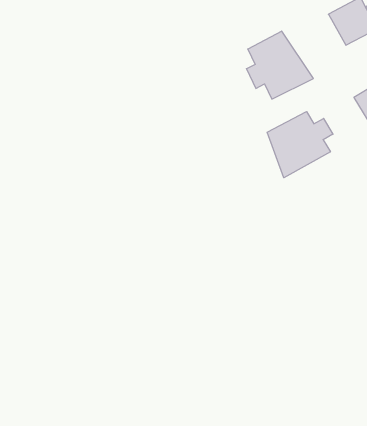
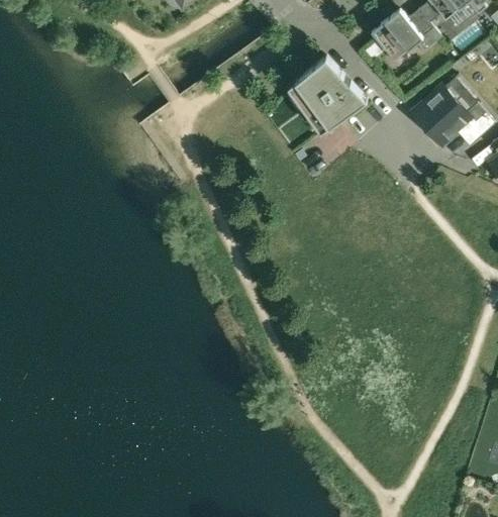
building: [267,112,333,178] -> none

